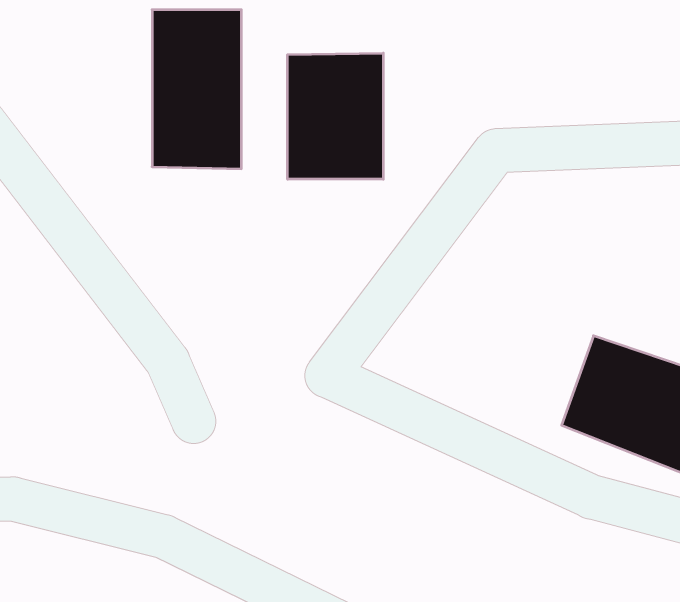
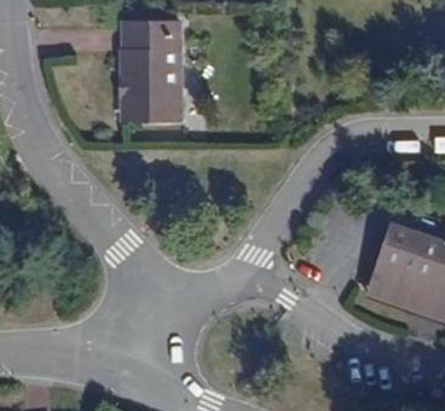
building: [288,53,383,179] -> none

